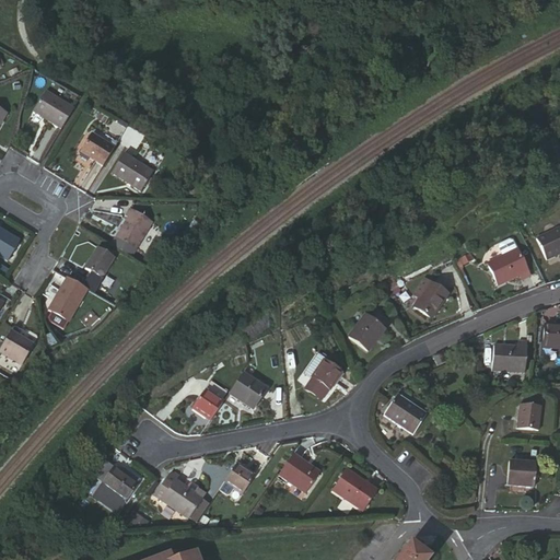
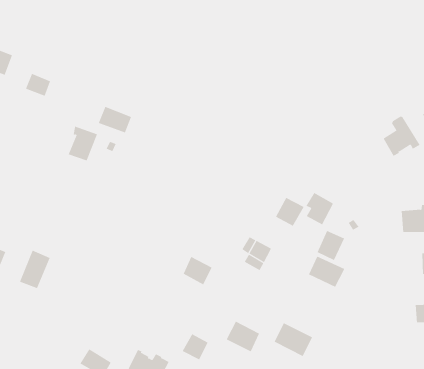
building: [103,149,144,184] -> [98,106,132,133]
building: [85,244,115,275] -> none
building: [49,276,90,323] -> [19,250,50,289]
building: [413,278,448,318] -> [305,192,334,225]
building: none -> [317,230,345,261]
building: [196,381,230,420] -> none

